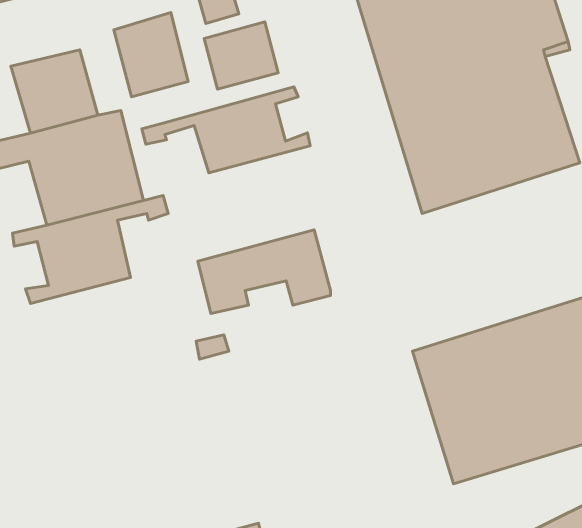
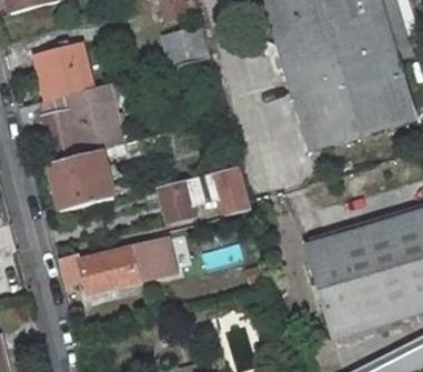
building: [114,12,188,97] -> none
building: [142,87,310,173] -> none
building: none -> [57,244,150,295]

